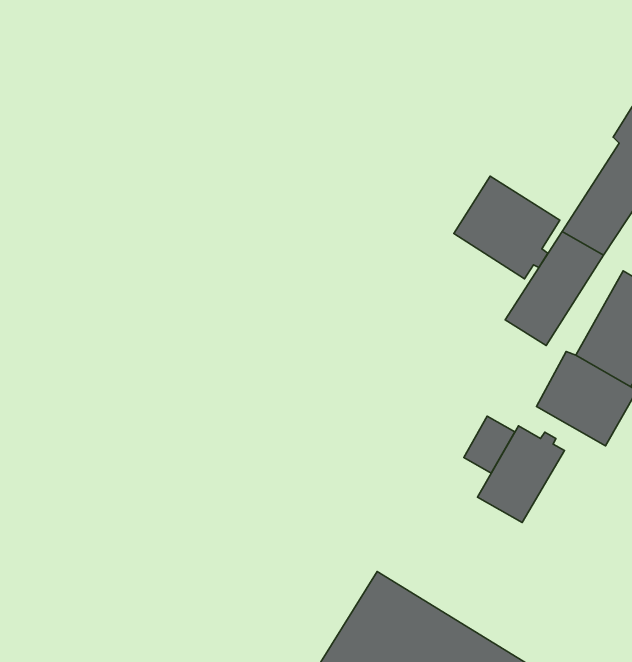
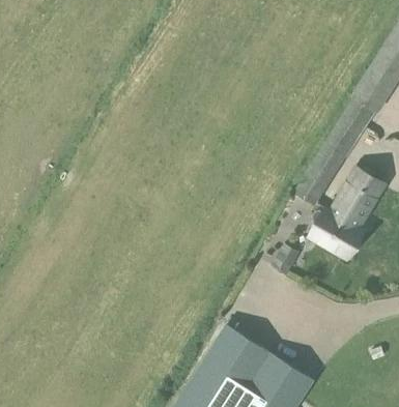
building: [454,176,560,279] -> none
building: [478,426,564,523] -> none

